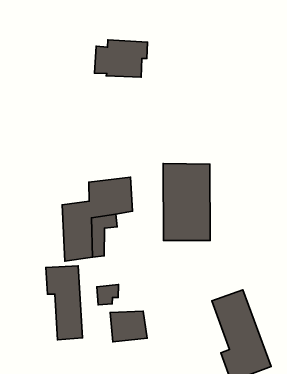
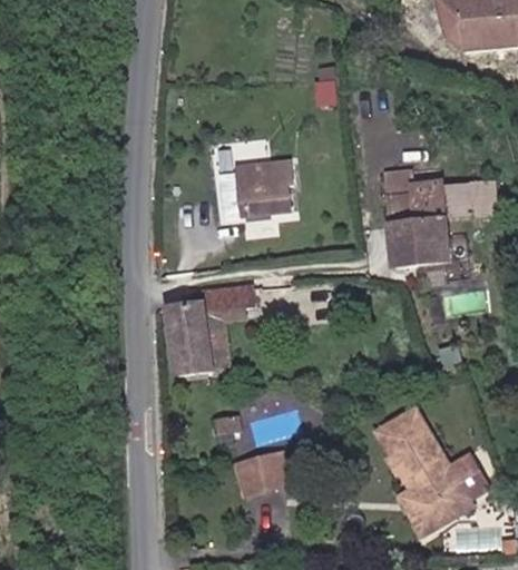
building: [94,40,148,77] -> [214,155,285,209]
building: [163,164,210,241] -> [372,153,452,266]
building: [46,266,82,340] -> none

